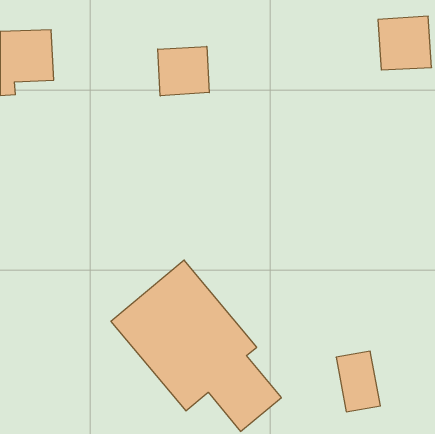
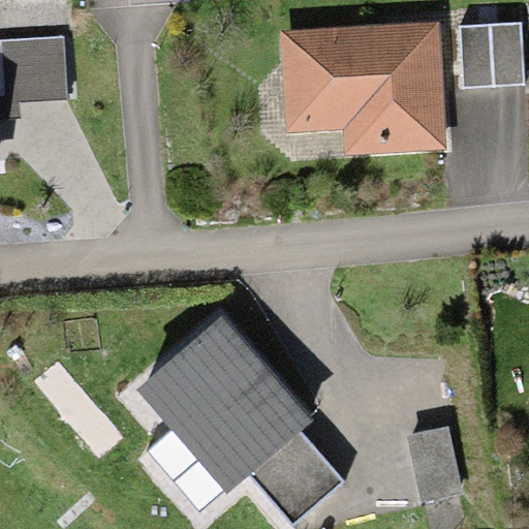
building: none -> [281,23,446,152]
building: [158,46,209,96] -> none

